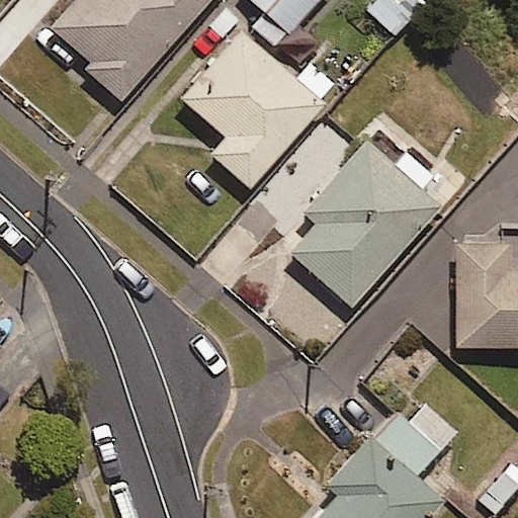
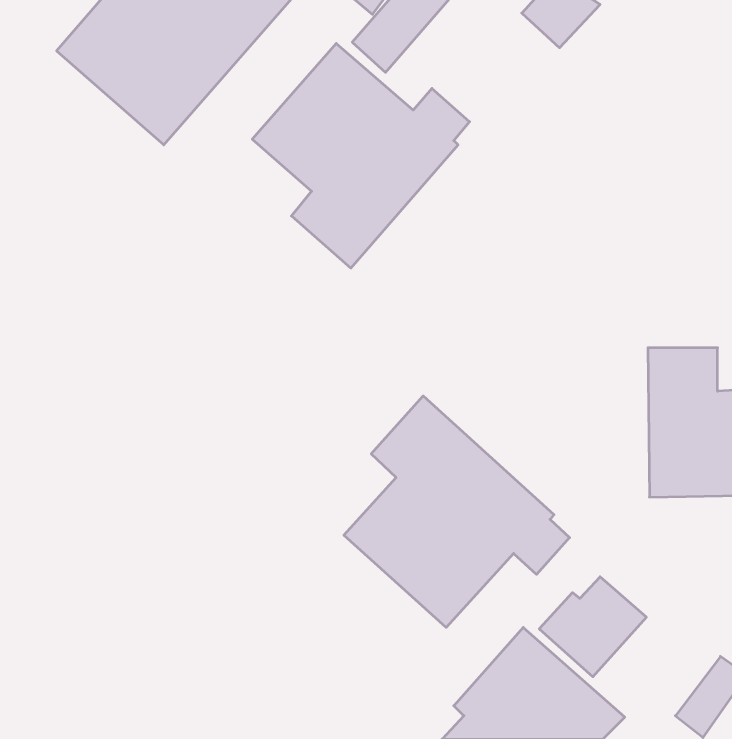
building: [280,142,440,305] -> none
building: none -> [344,396,570,627]

